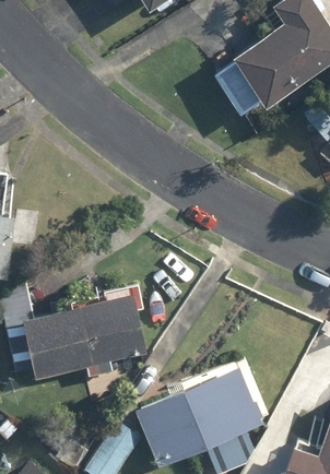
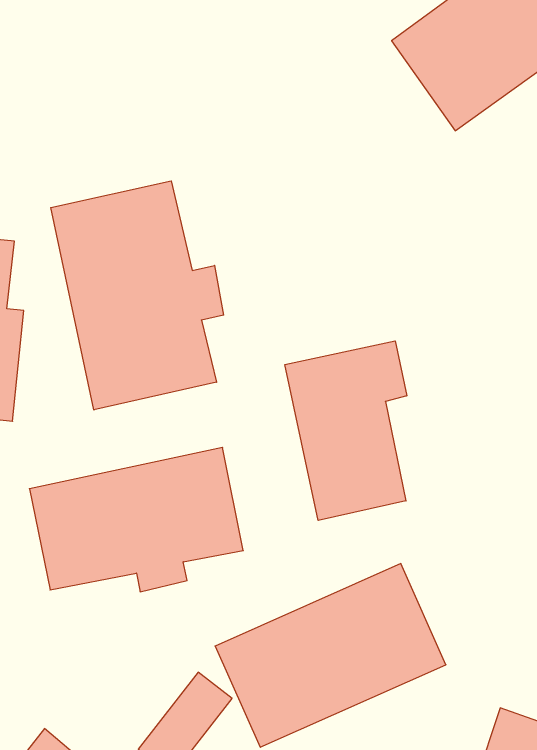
building: none -> [51,181,224,410]
building: none -> [285,341,407,520]

